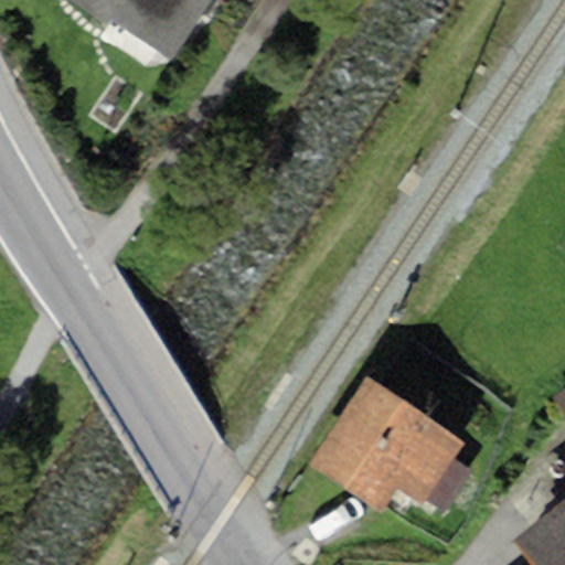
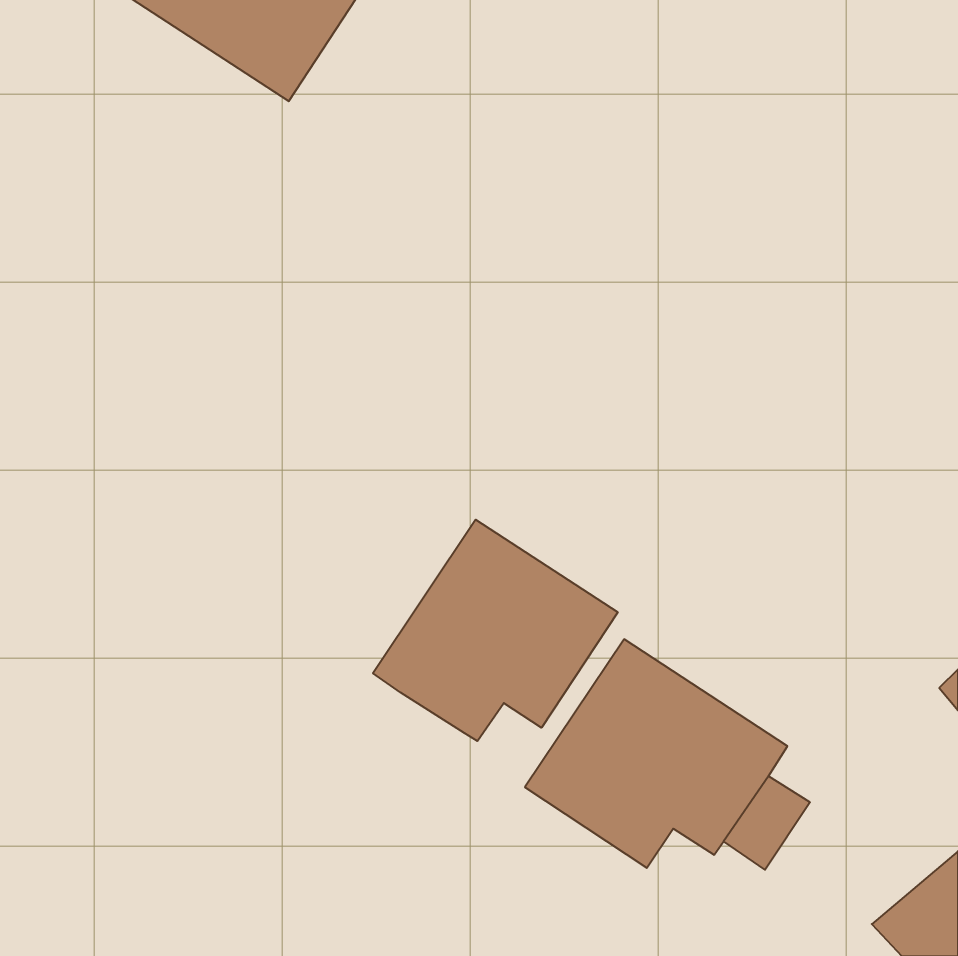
building: none -> [373,520,618,741]

